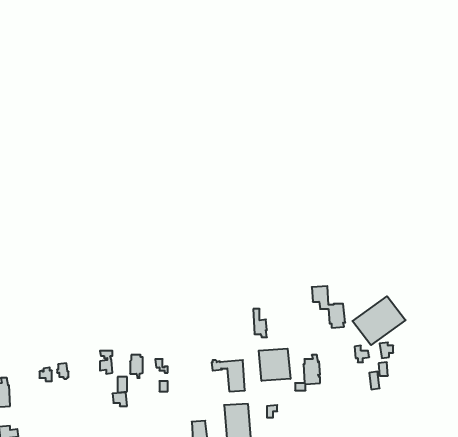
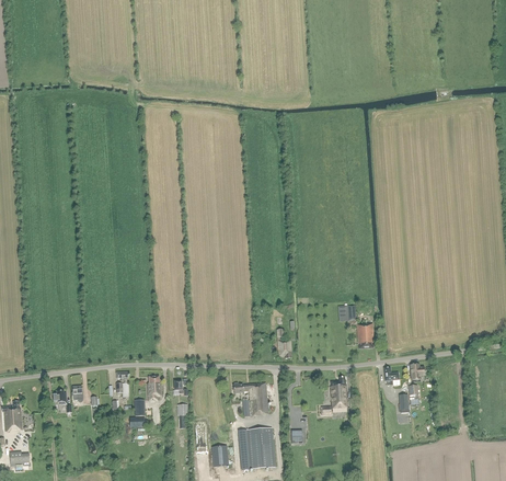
building: [352,296,406,345] -> none
building: [259,349,290,381] -> none

